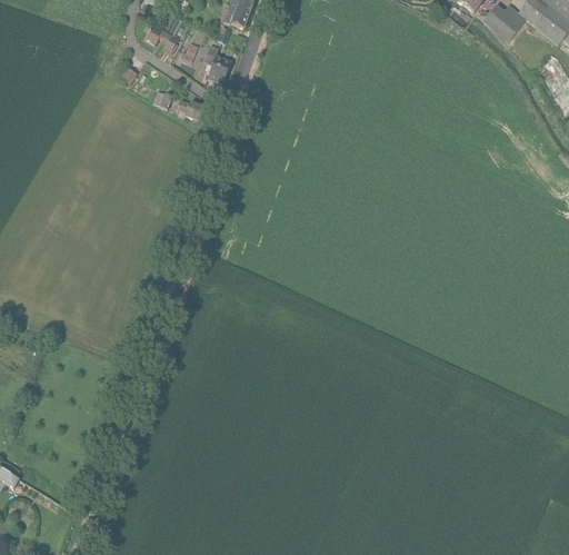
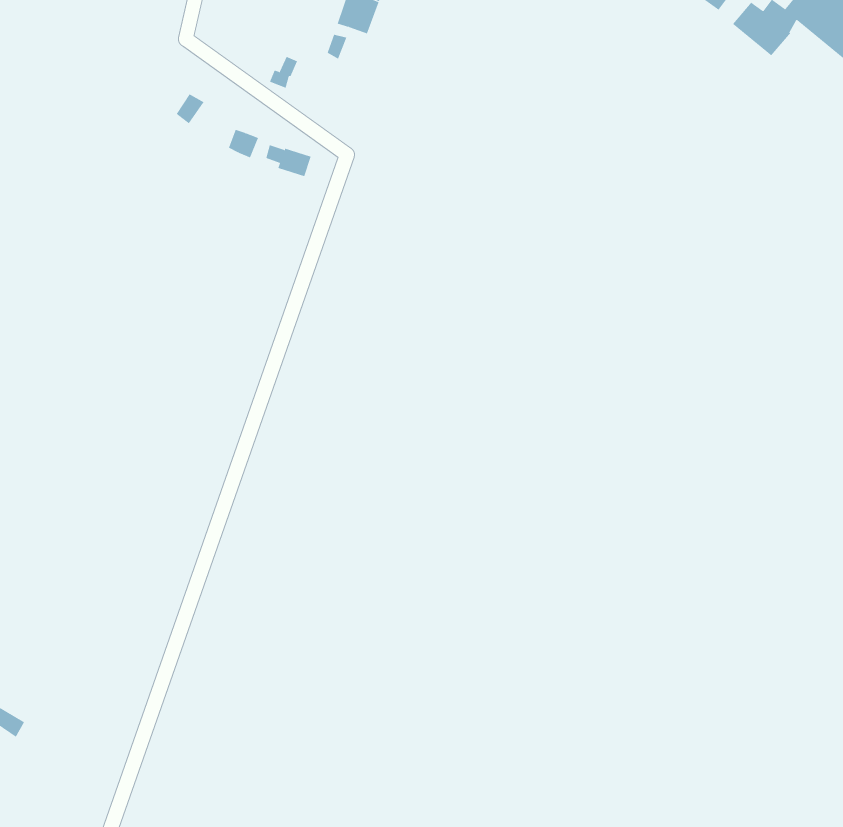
building: [144,21,179,50] -> none
building: [203,44,231,83] -> none

